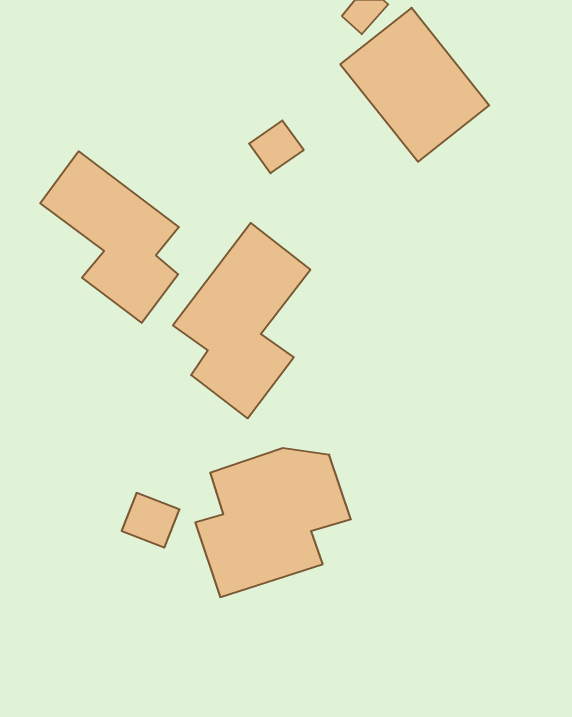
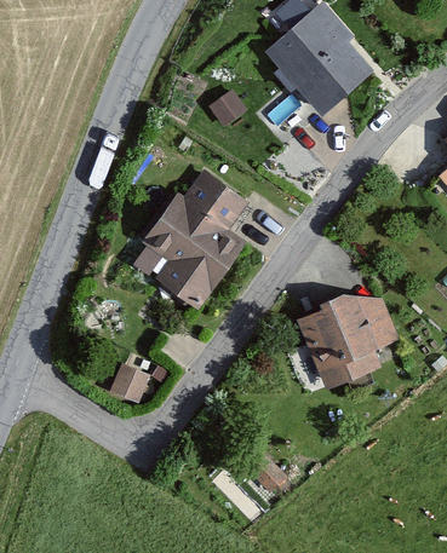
building: [40,151,179,323] -> none
building: [195,448,351,597] -> [283,293,397,402]

